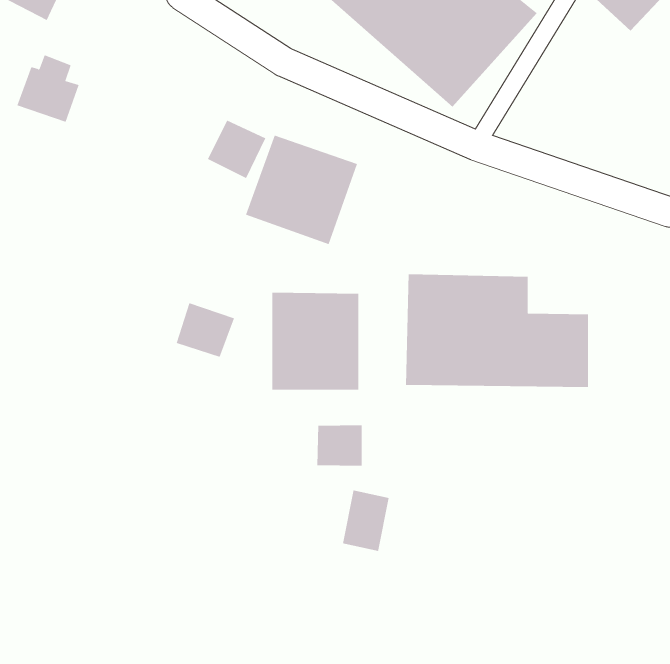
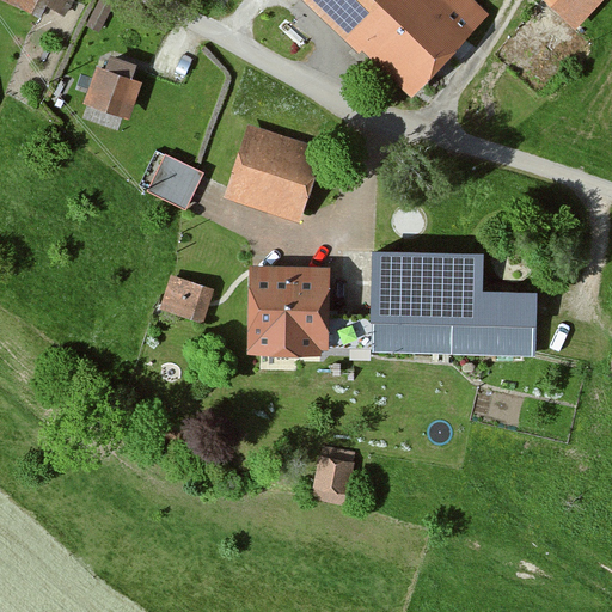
building: [16,55,79,123] -> [84,57,141,120]
building: [207,120,266,179] -> [148,157,202,210]
building: [317,424,362,467] -> none

